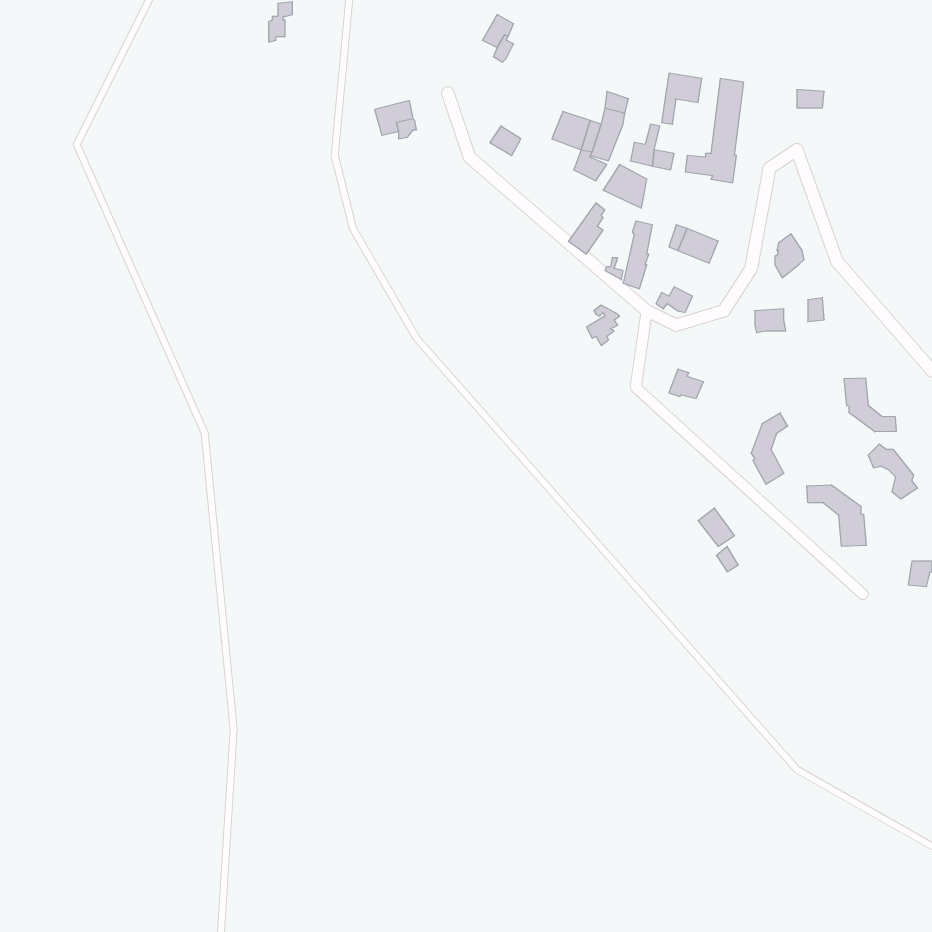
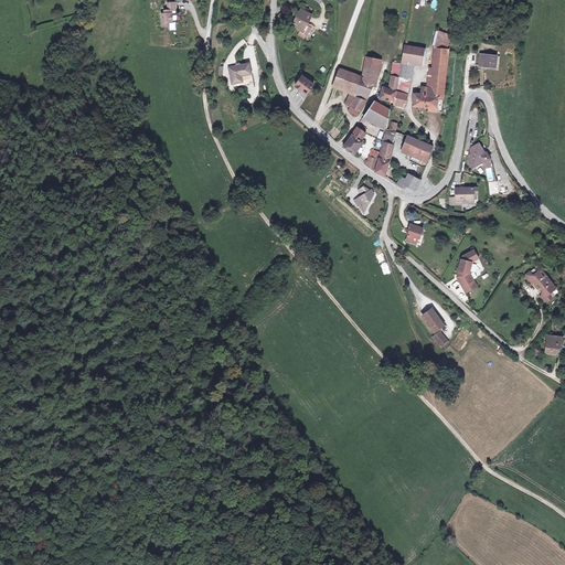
building: [844,378,896,432] -> none
building: [807,485,866,546] -> none

